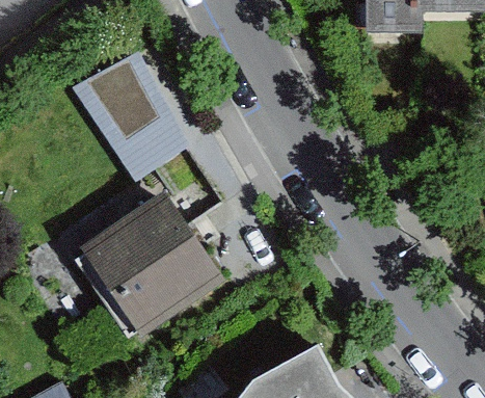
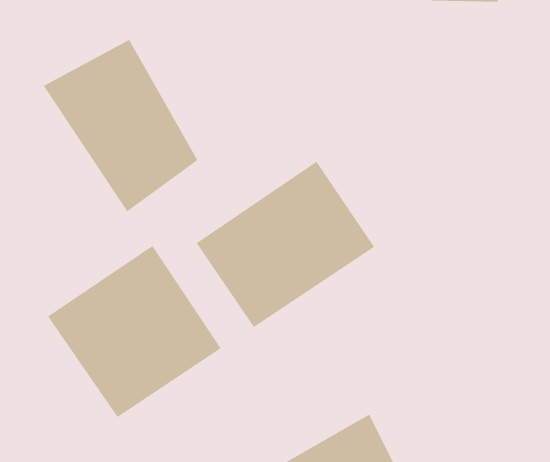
building: none -> [196,161,375,328]

